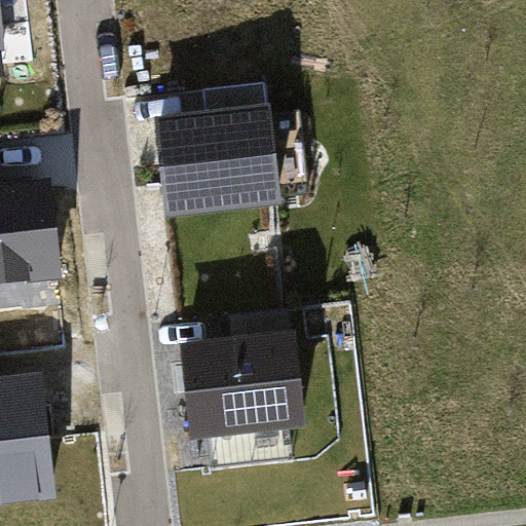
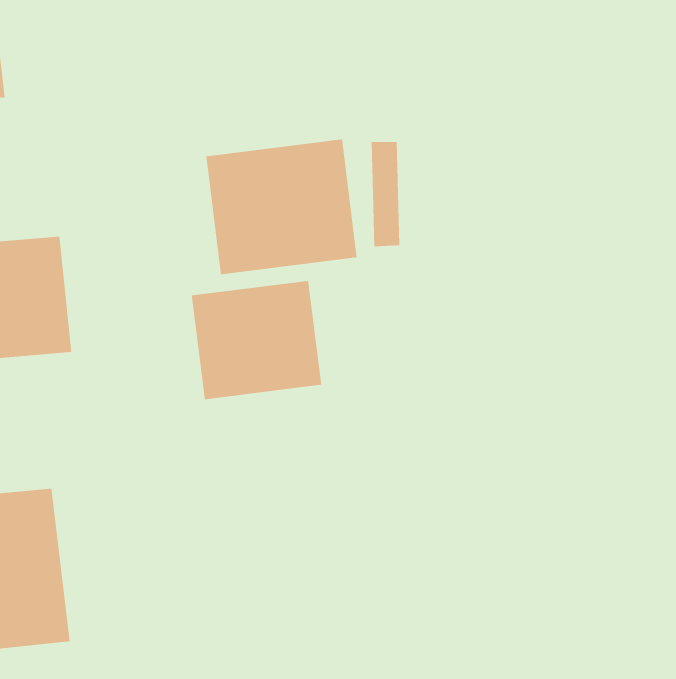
building: none -> [191,280,322,400]
building: [186,338,303,445] -> none

